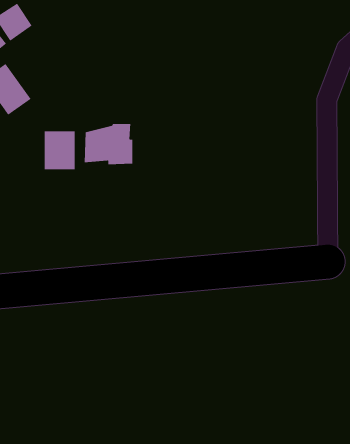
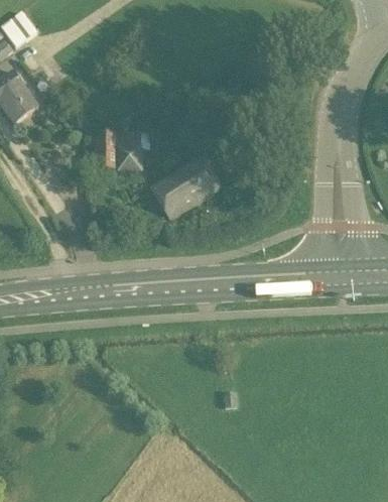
building: [44,130,75,170] -> none
building: none -> [148,155,221,220]

